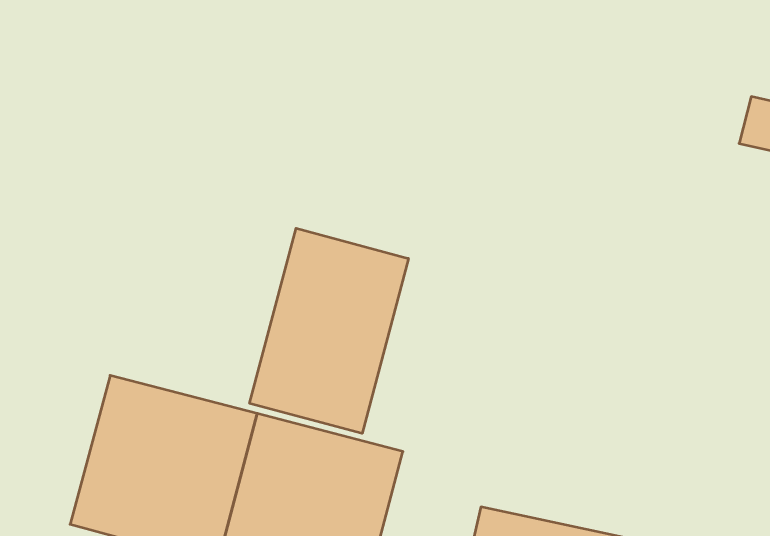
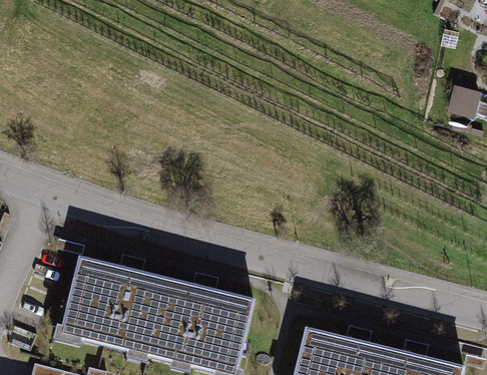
building: [250,228,408,433] -> none

